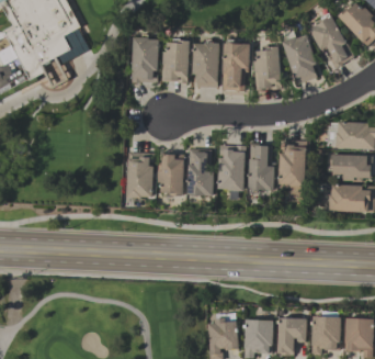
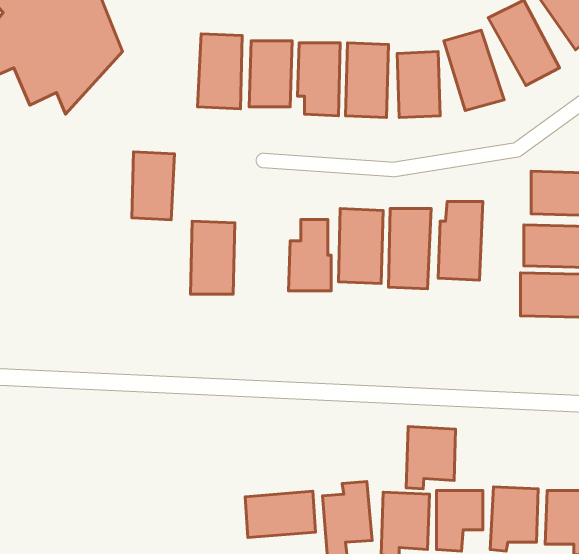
building: [158,153,184,194] -> [132,152,175,220]
building: none -> [406,427,455,489]
building: none -> [245,491,315,538]

